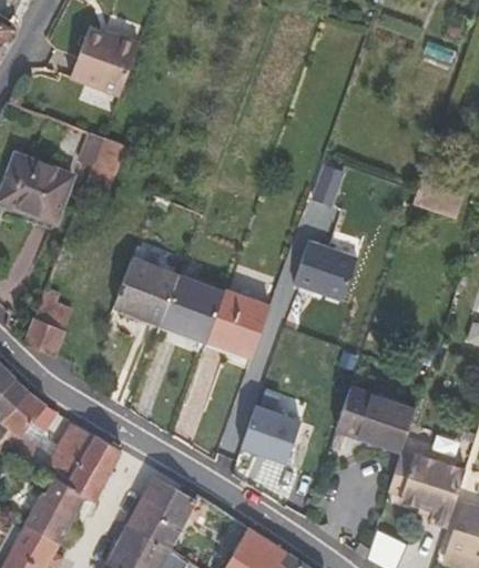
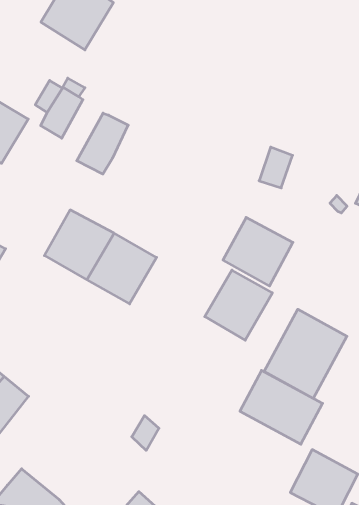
building: none -> [77,113,128,174]
building: [206,292,269,359] -> [205,270,272,340]
building: none -> [264,309,347,398]
building: [240,402,302,463] -> none
building: [128,477,194,550] -> none

